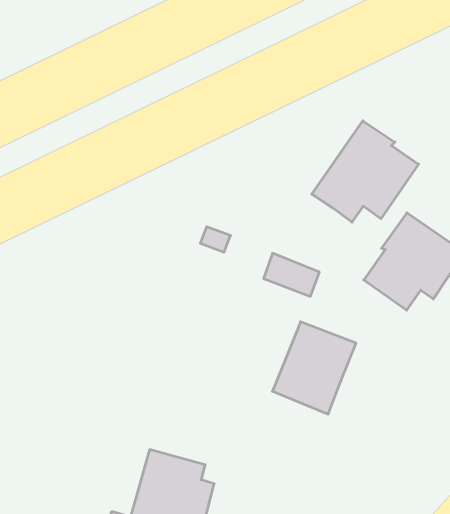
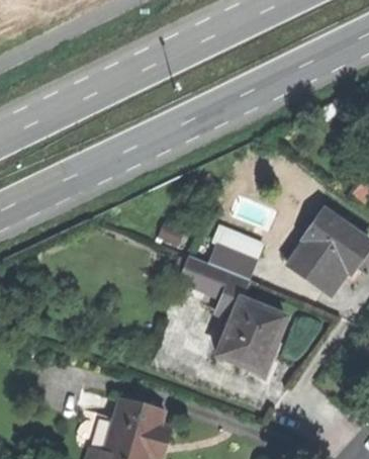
building: [312,121,419,222] -> none
building: none -> [179,253,249,298]

